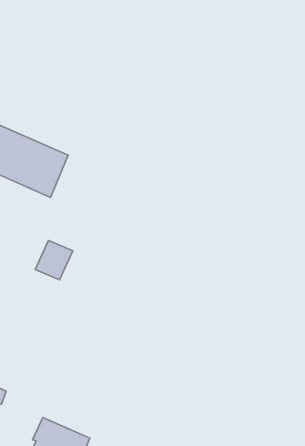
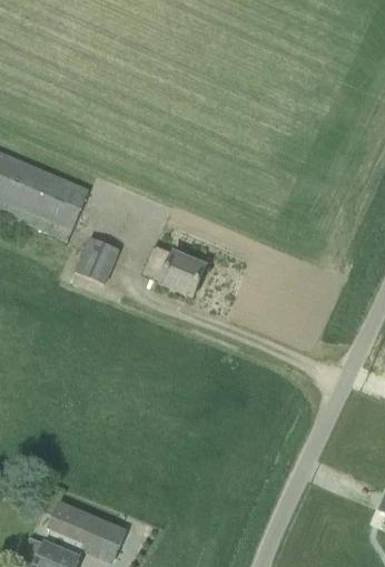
building: none -> [158,251,206,297]
building: [35,240,73,280] -> [75,237,119,284]

